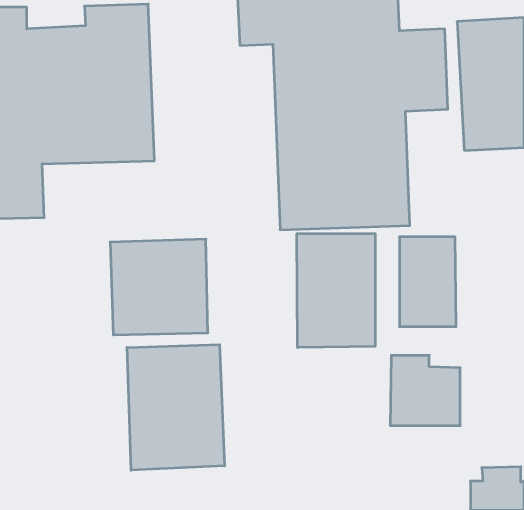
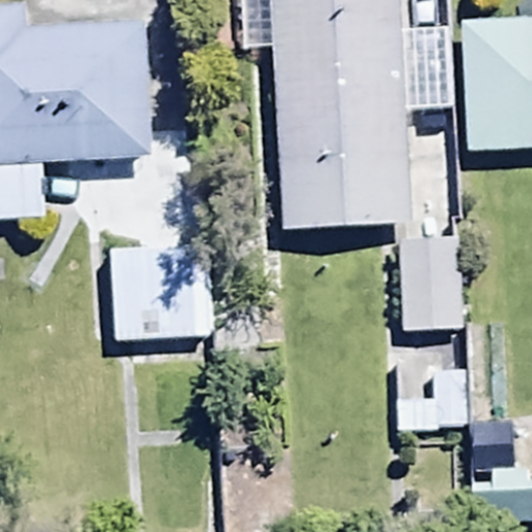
building: [297,234,375,348] -> none
building: [127,345,224,470] -> none

